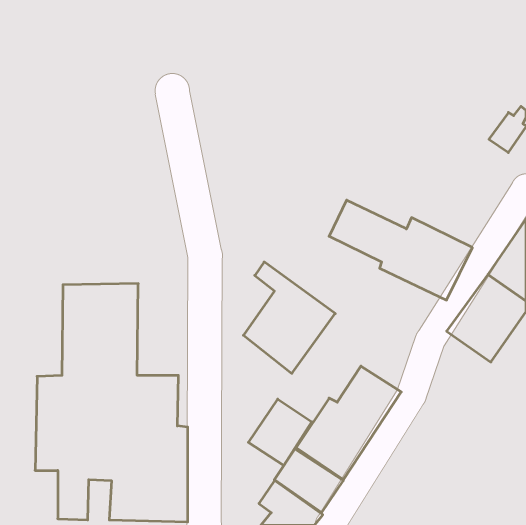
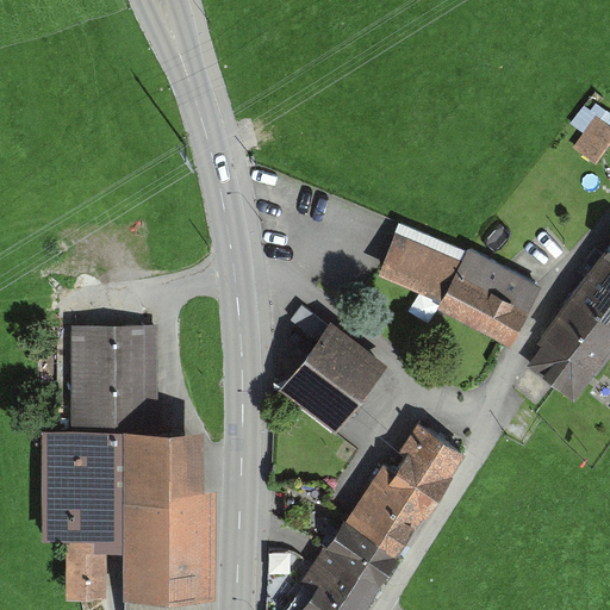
building: [248,399,312,466] -> none

